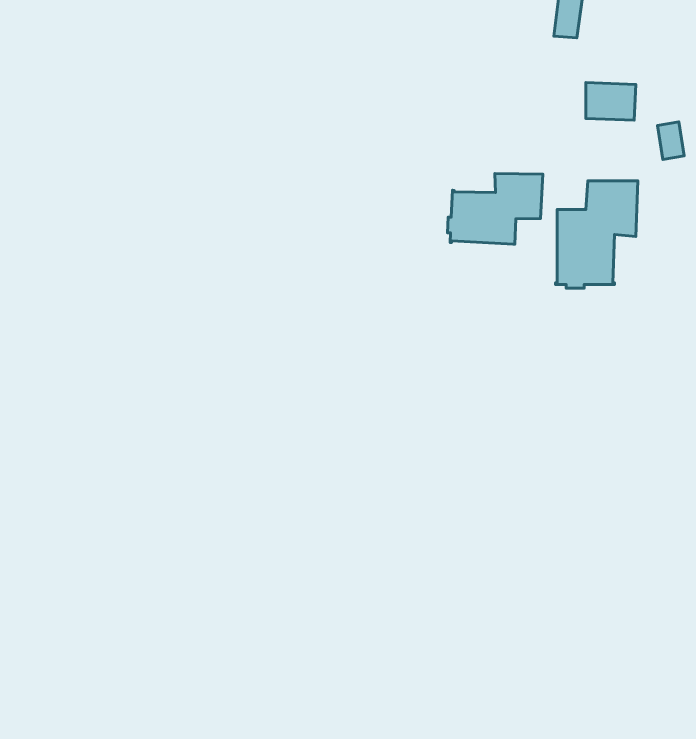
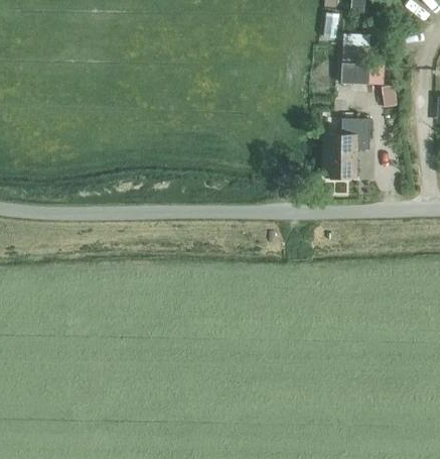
building: [447,173,543,244] -> none

